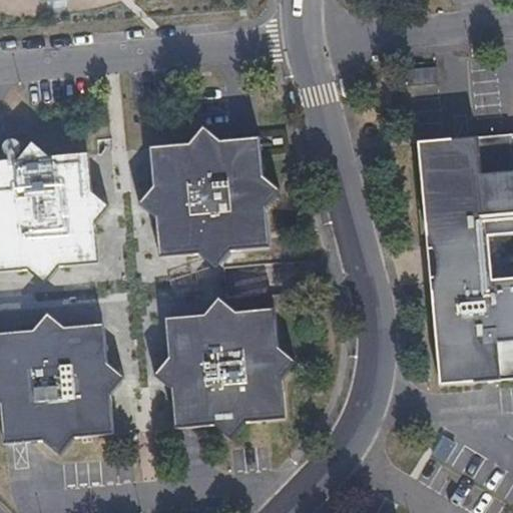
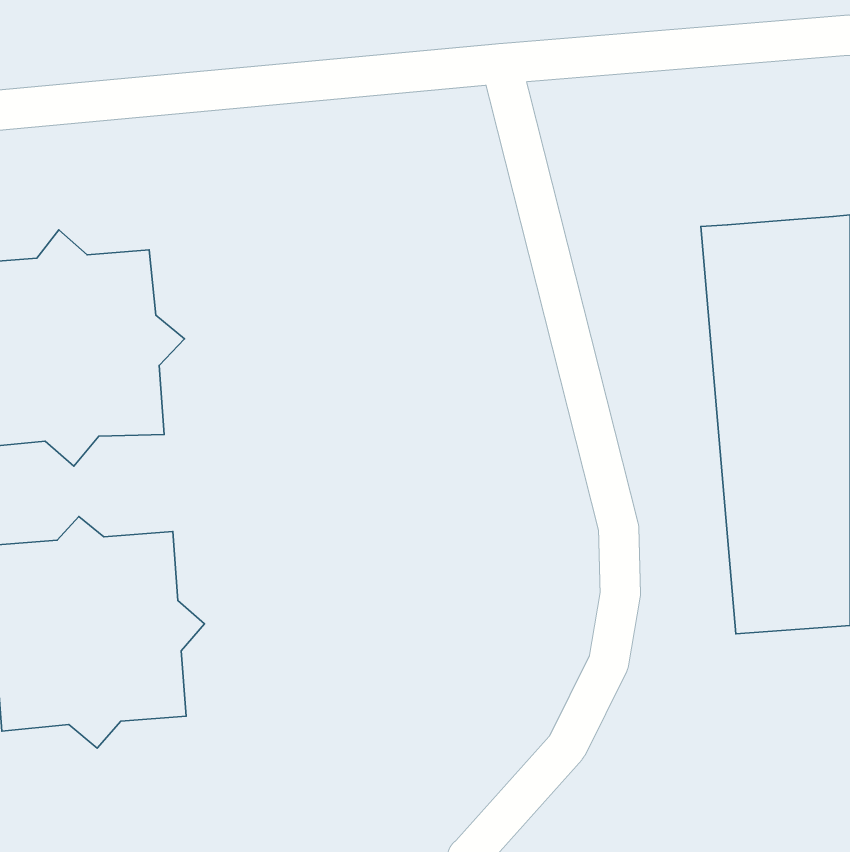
building: [140,129,279,267] -> none
building: [153,298,293,438] -> none

